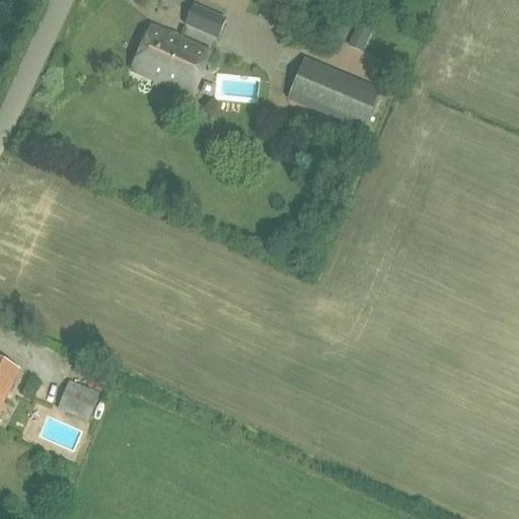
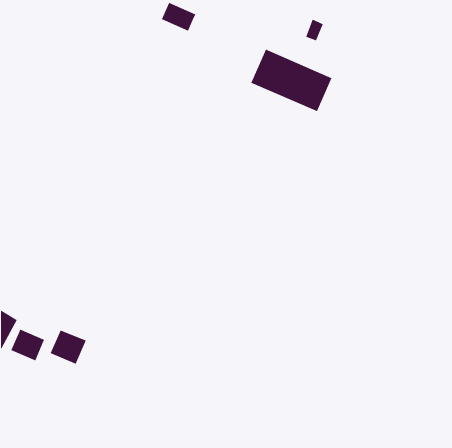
building: [133,22,210,92] -> none
building: none -> [10,329,45,361]

